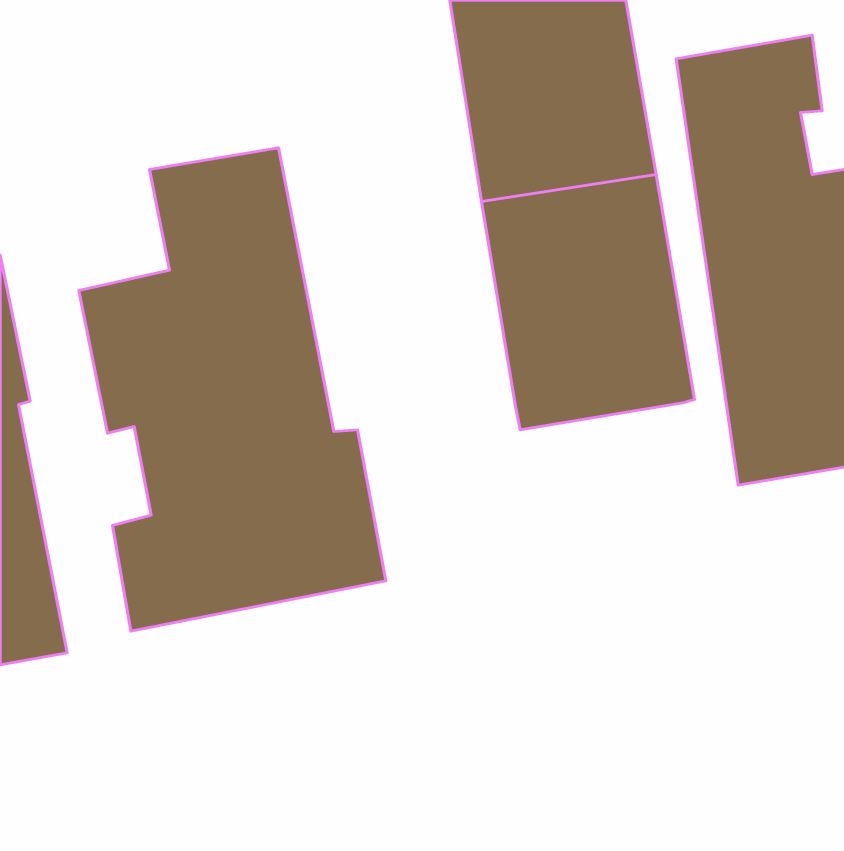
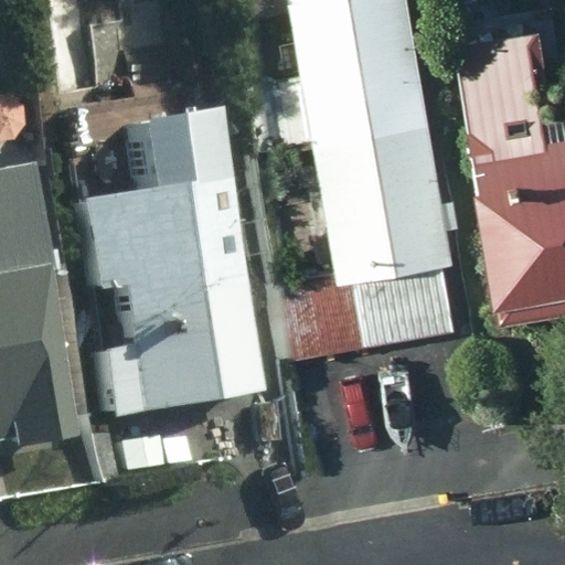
building: none -> [278,269,469,362]

